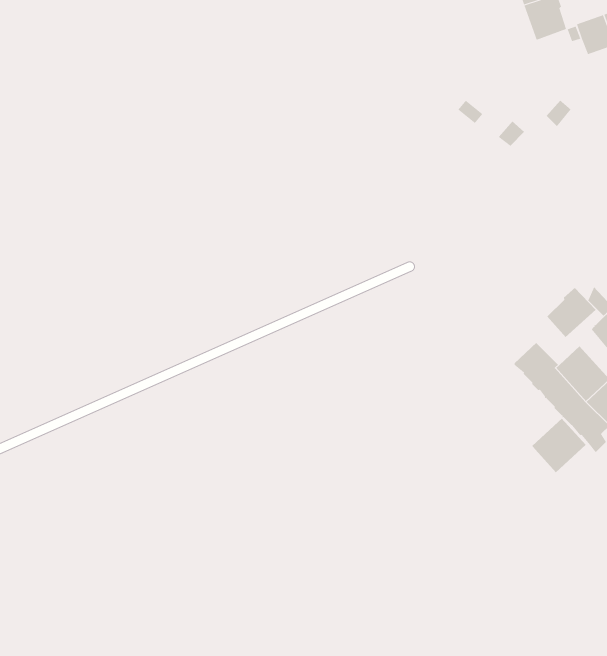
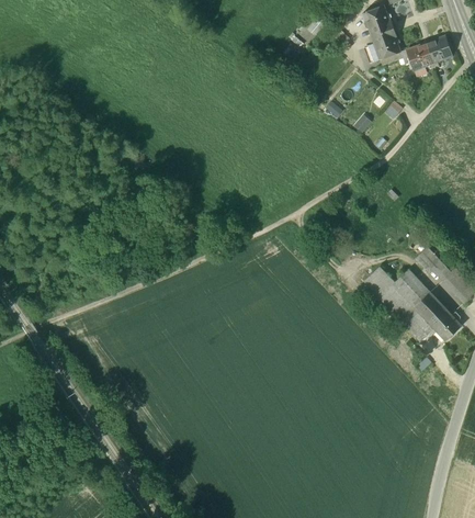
building: [546,287,596,338] -> none
building: [532,418,586,473] -> none

